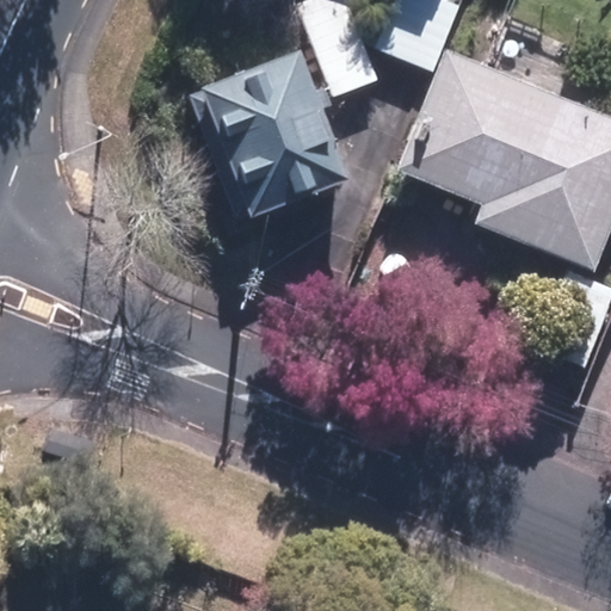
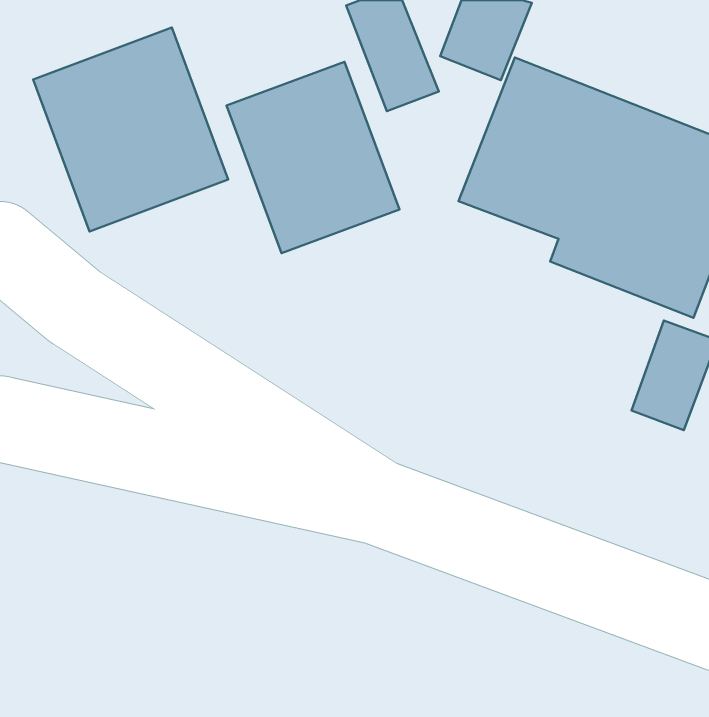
building: none -> [33,28,228,231]

